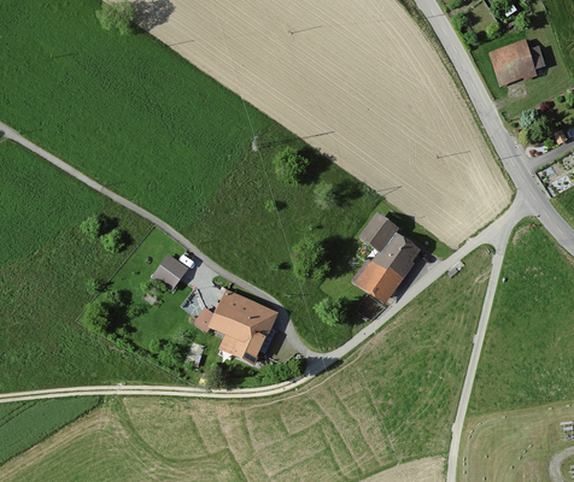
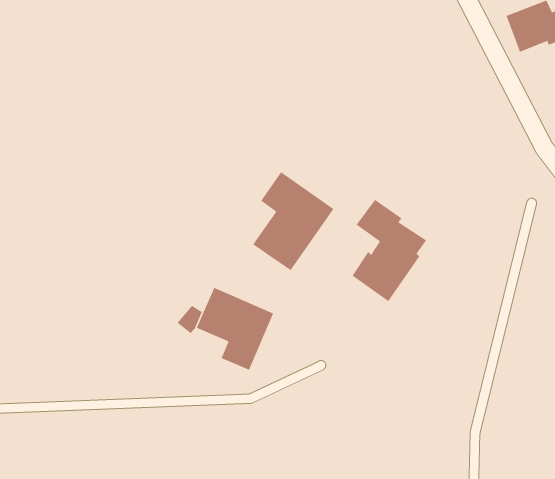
building: none -> [252,171,334,271]
building: [157,255,192,290] -> none

